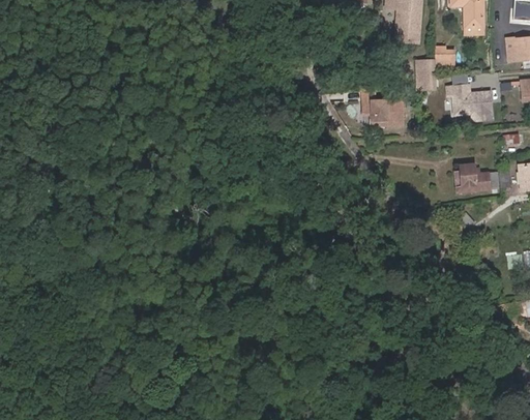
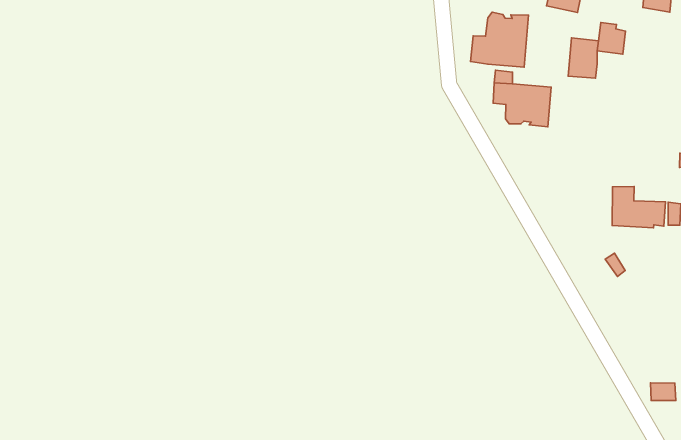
building: none -> [470,12,528,67]
building: [446,87,492,122] -> none

